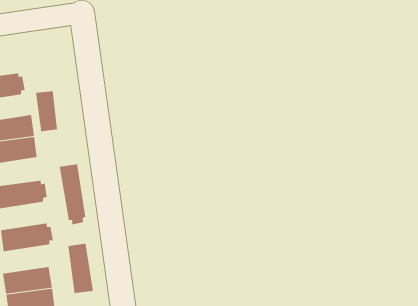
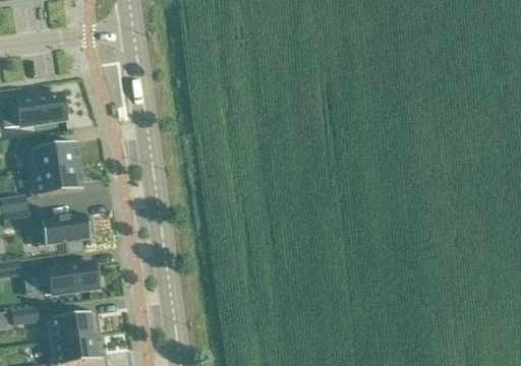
building: [35,90,58,132] -> none
building: [59,163,86,225] -> none
building: [68,243,93,294] -> none

